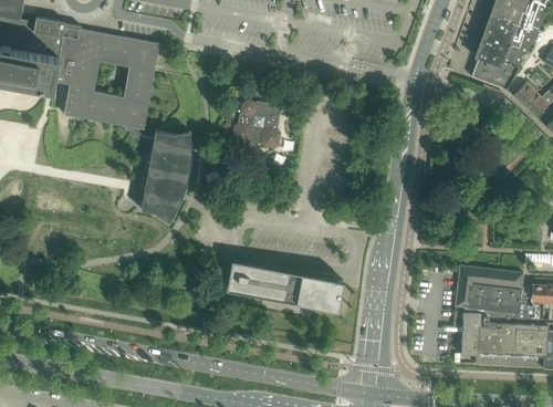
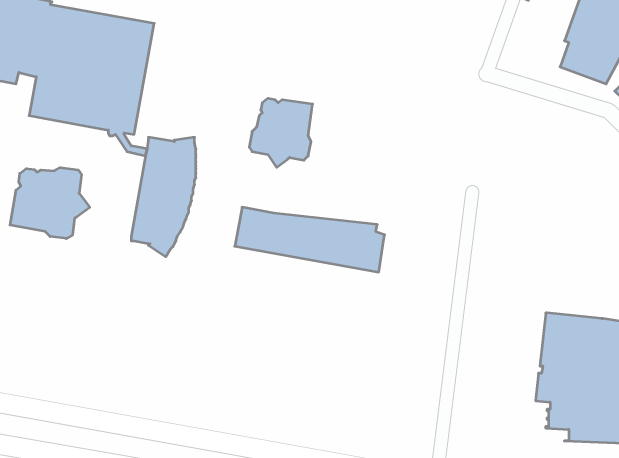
building: none -> [10,168,90,239]
building: [228,261,343,311] -> [235,207,385,272]

